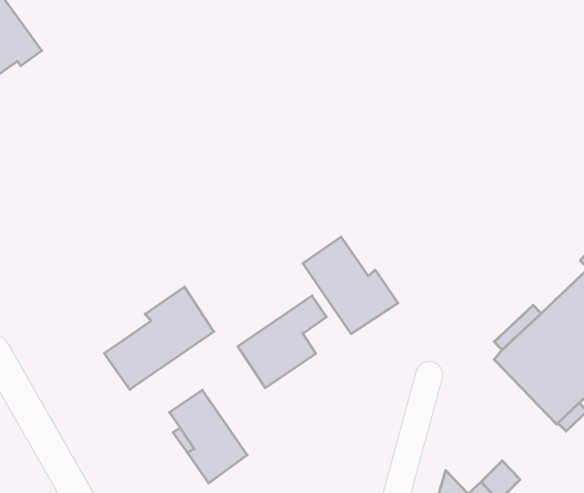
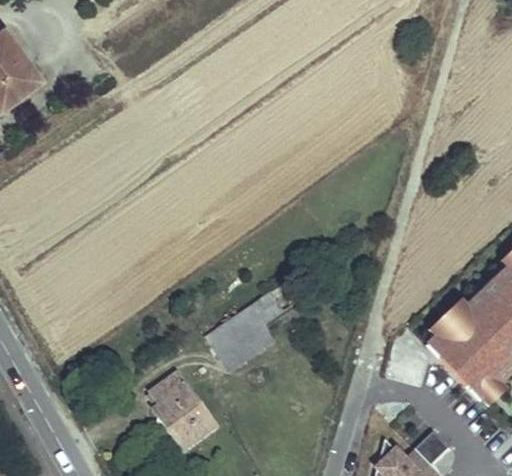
building: [303,237,398,334] -> none
building: [104,287,214,390] -> none

